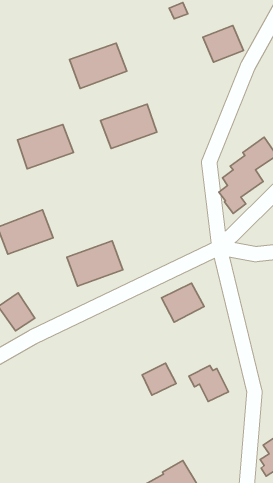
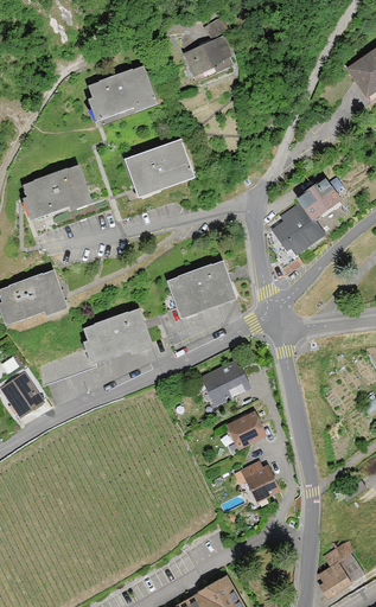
building: [203,25,243,62] -> [184,37,234,82]
building: none -> [167,261,236,314]
building: [142,363,176,395] -> [225,410,267,449]

